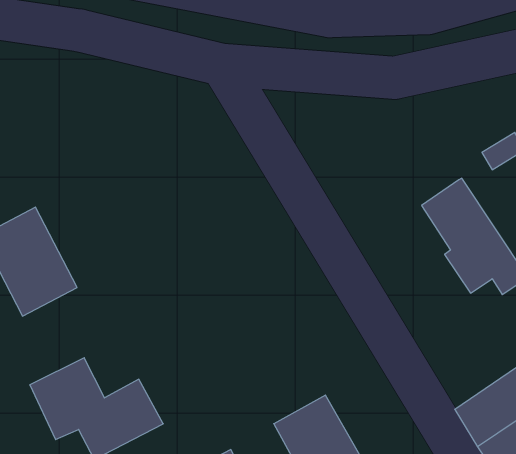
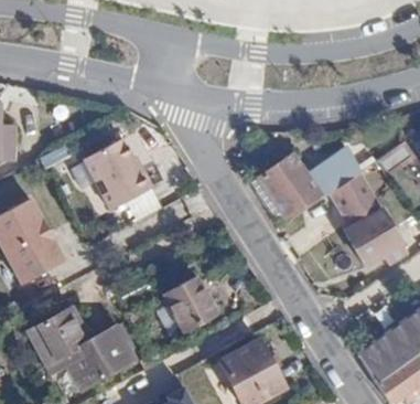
building: none -> [87,139,157,210]
building: none -> [260,153,358,217]
building: none -> [164,279,216,334]

